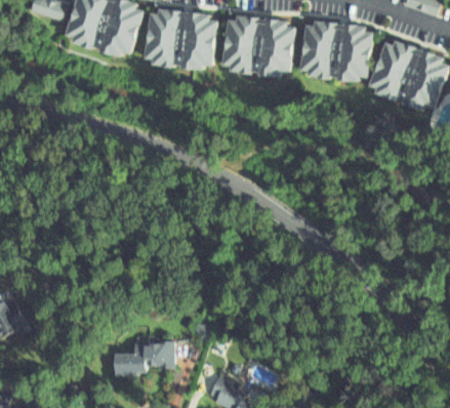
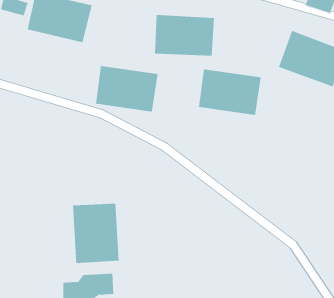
building: [140,10,218,68] -> [95,65,158,112]
building: [299,24,377,81] -> [198,69,262,115]
building: none -> [73,203,119,264]

